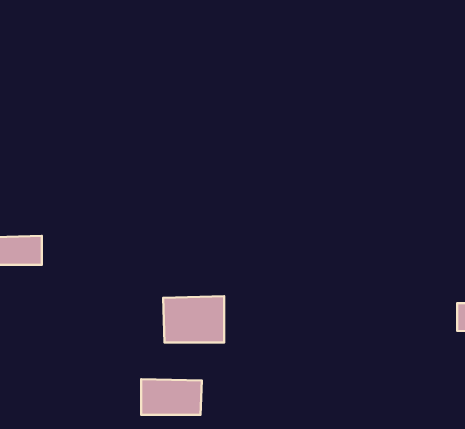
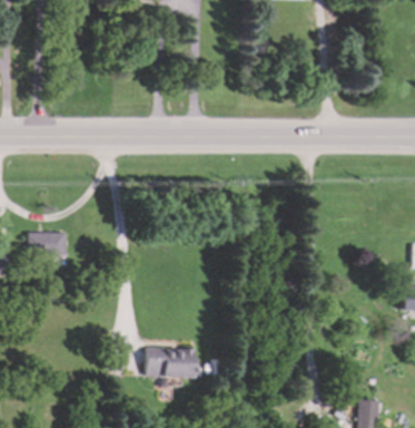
building: [163,296,224,342] -> none

